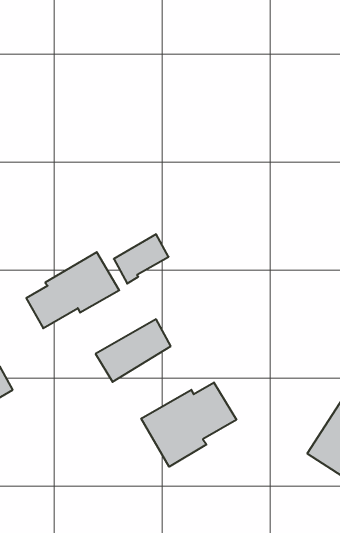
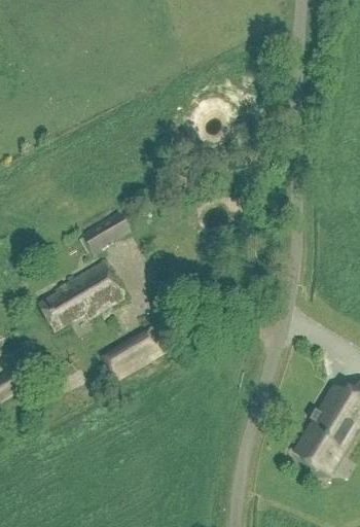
building: [114,234,169,284] -> [81,211,132,256]
building: [141,382,236,467] -> none

